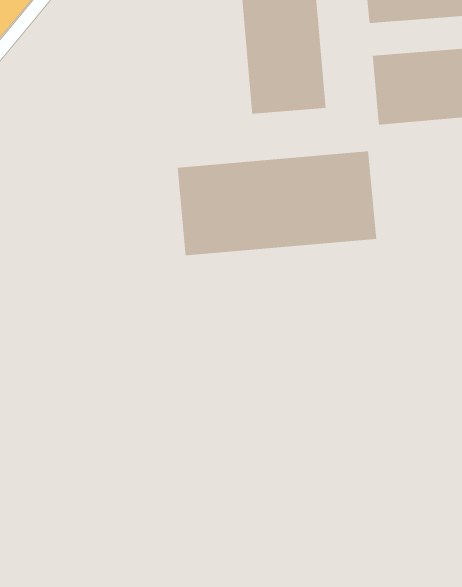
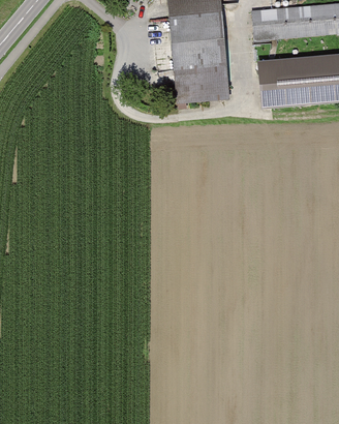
building: [177,150,377,256] -> none

